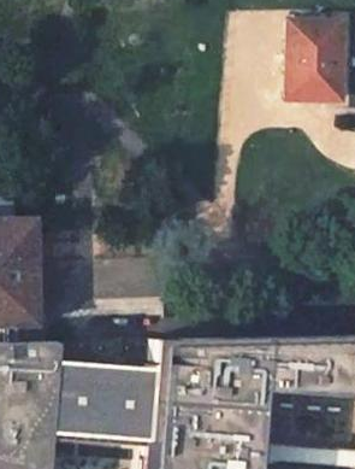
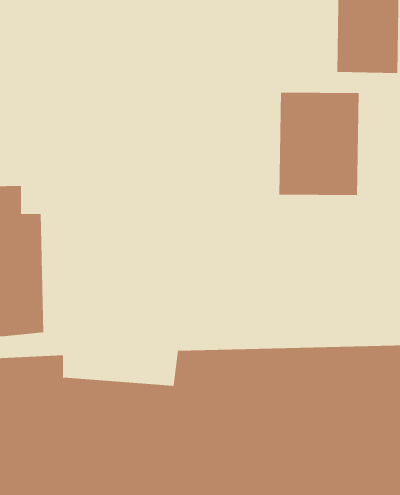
building: none -> [279,92,359,196]

